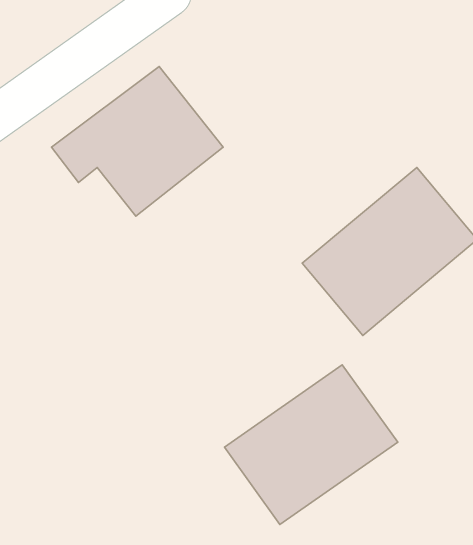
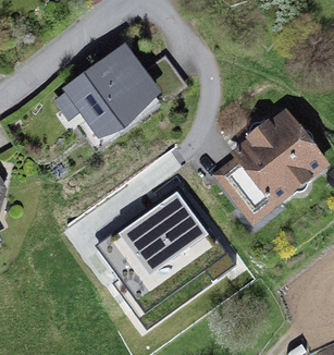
building: [224,365,398,525] -> [100,191,212,294]

